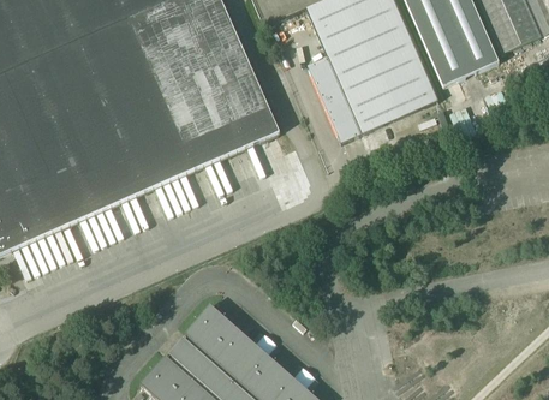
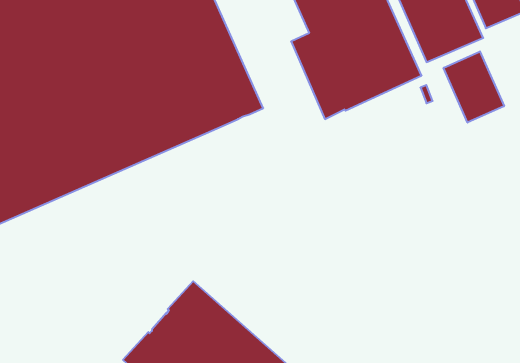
building: none -> [444,51,504,123]

